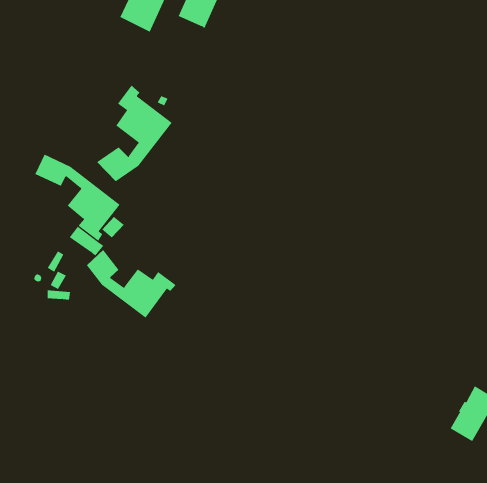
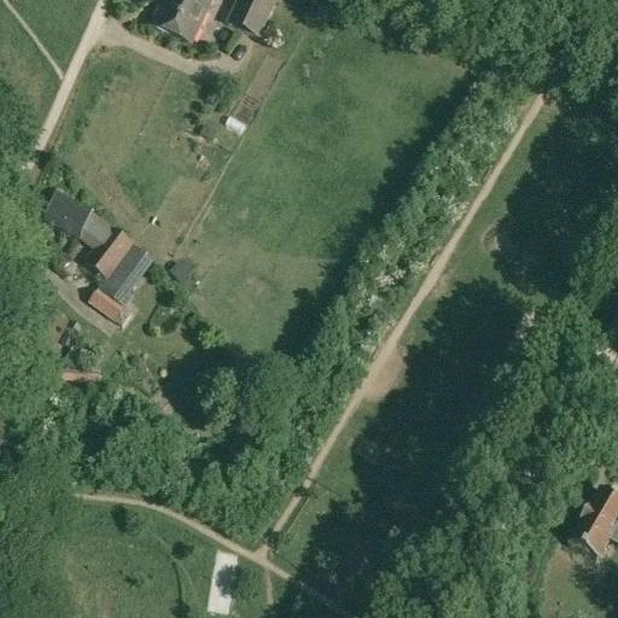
building: [96,85,172,182] -> none
building: [86,249,176,318] -> none

